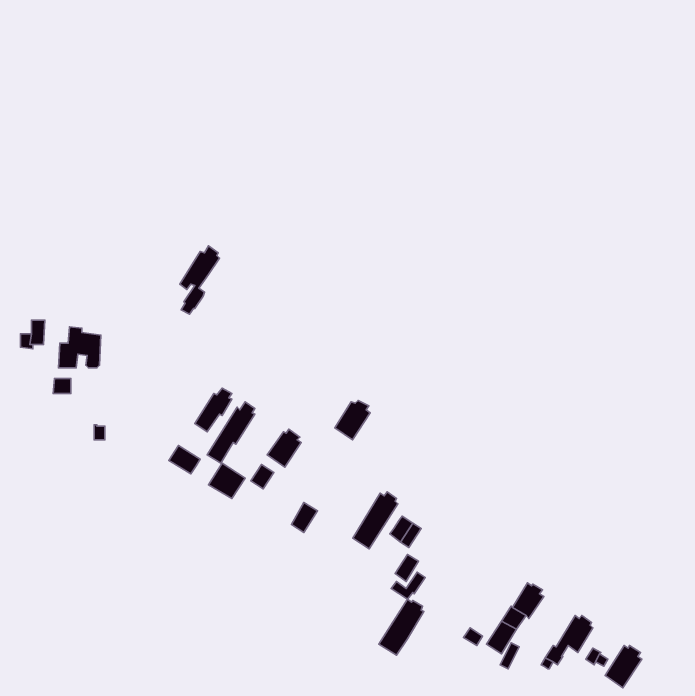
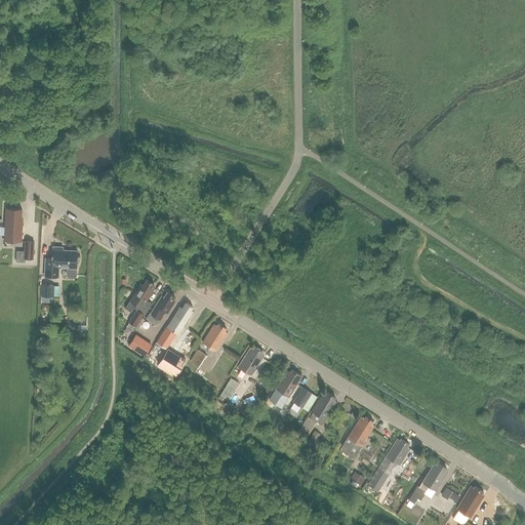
building: [180,246,219,314] -> [124,280,154,331]
building: none -> [5,208,23,241]
building: [335,400,370,440] -> [237,347,264,376]
building: none -> [311,393,335,420]
building: [379,599,424,655] -> [339,416,373,458]

